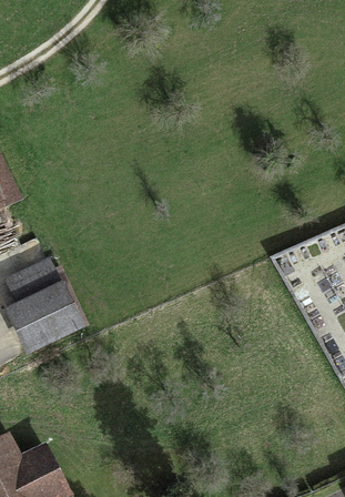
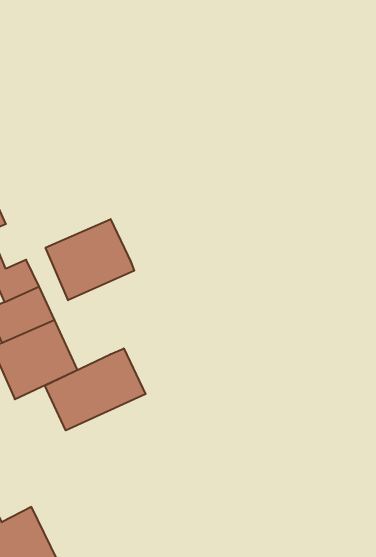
building: none -> [46,219,134,300]
building: none -> [45,348,146,430]

